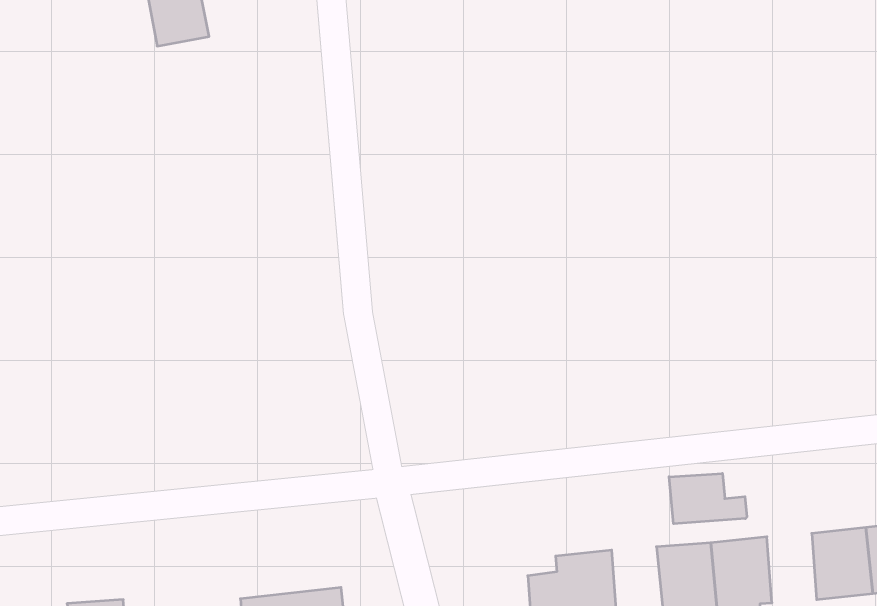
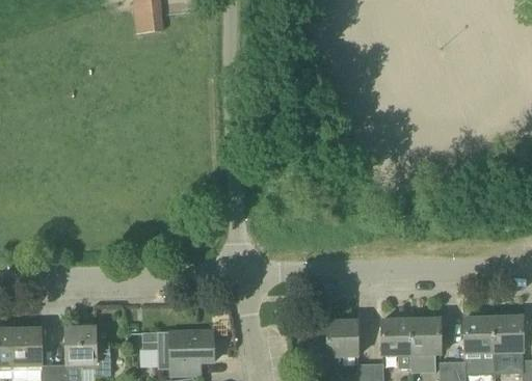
building: [669,473,747,524] -> none

